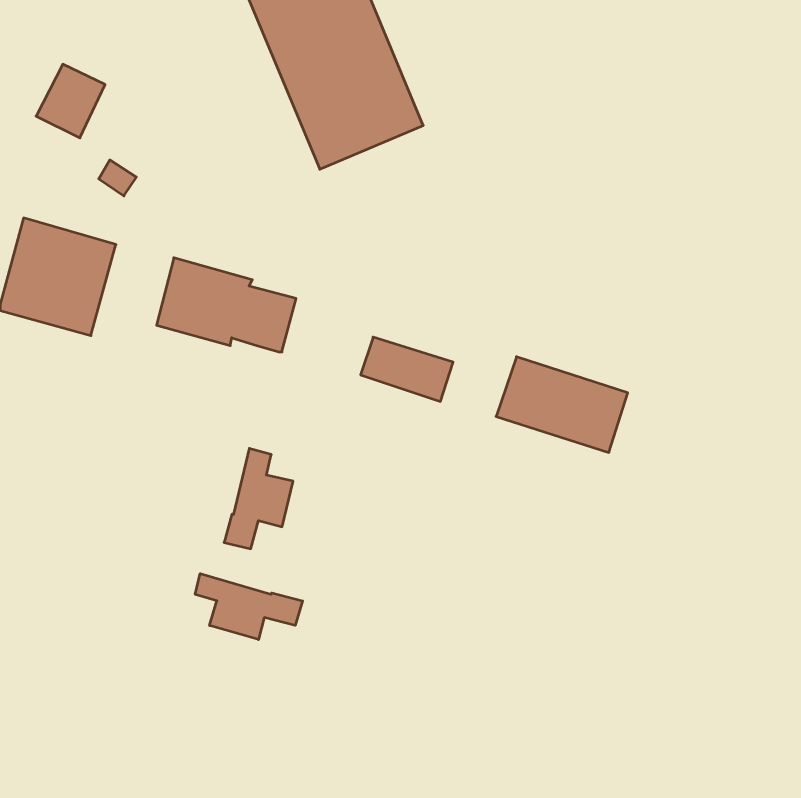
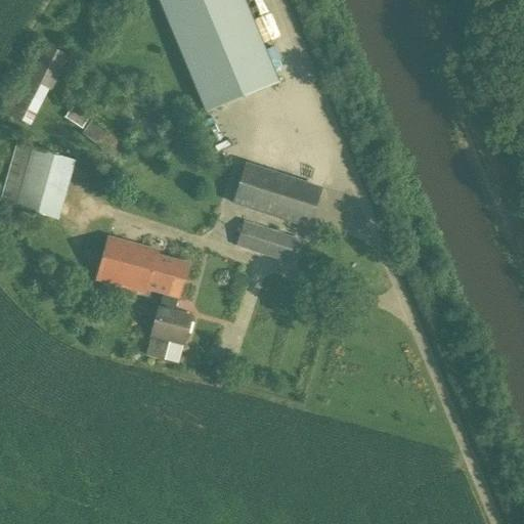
building: [157,258,296,352] -> [97,235,188,297]
building: [496,357,628,452] -> [234,164,320,226]
building: [195,574,303,640] -> none

